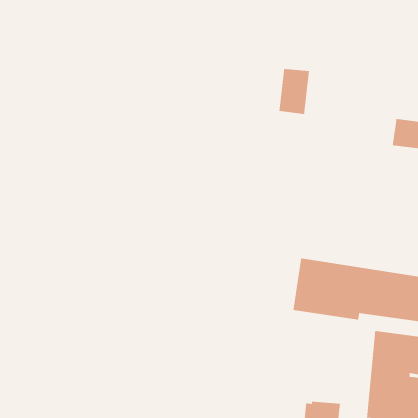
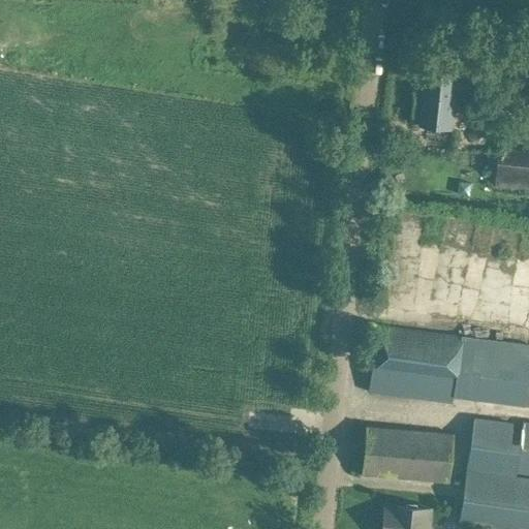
building: [278,68,310,115] -> [419,70,459,129]
building: none -> [363,427,455,481]

